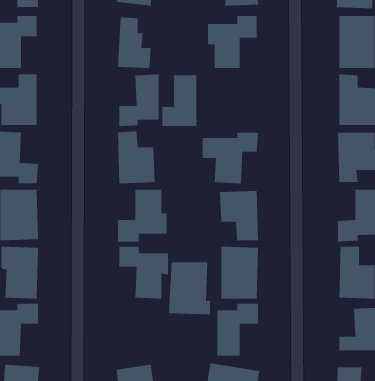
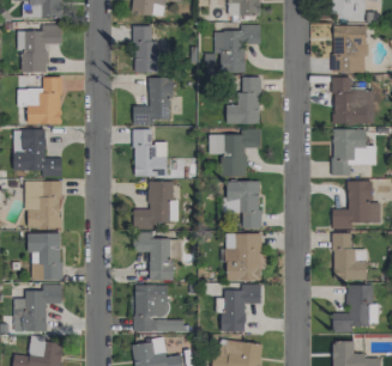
building: [161,75,197,126] -> [228,77,260,123]
building: [168,262,211,315] -> [133,283,171,331]

